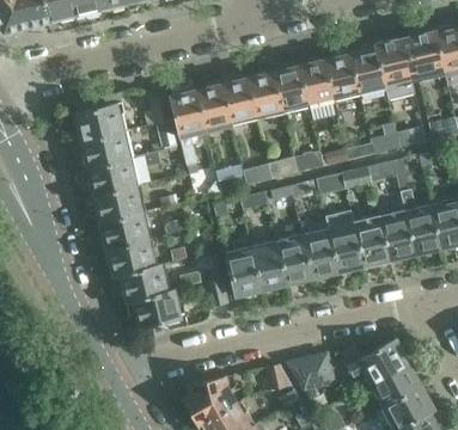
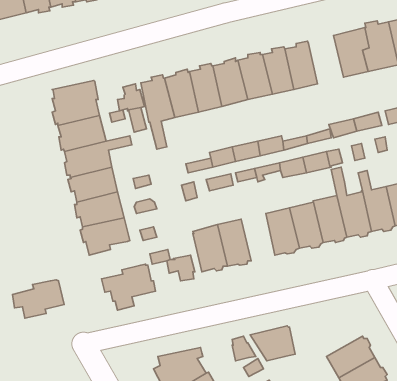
building: [348,44,385,96] -> none
building: [276,233,312,283] -> none
building: [115,262,170,302] -> [12,280,64,318]
building: [341,339,407,388] -> none

